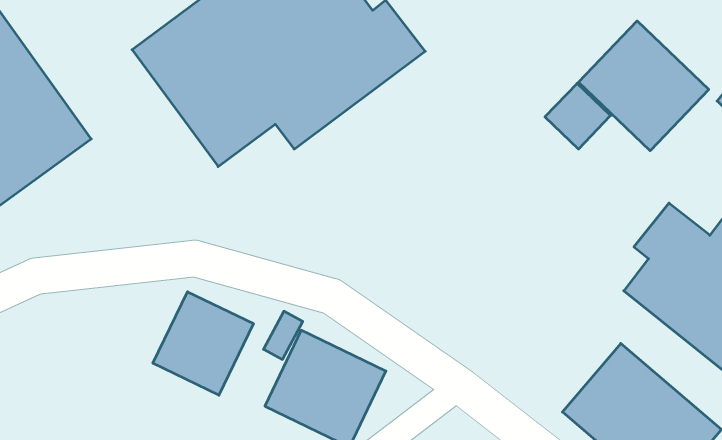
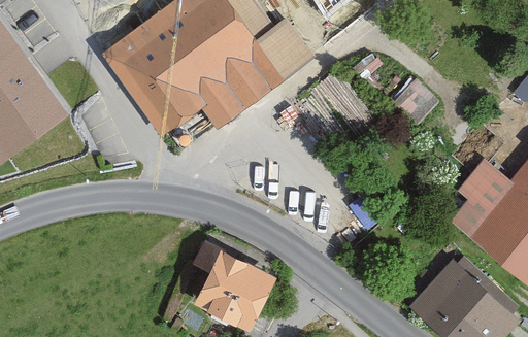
building: [579,21,709,151] -> none
building: [153,292,253,395] -> none

